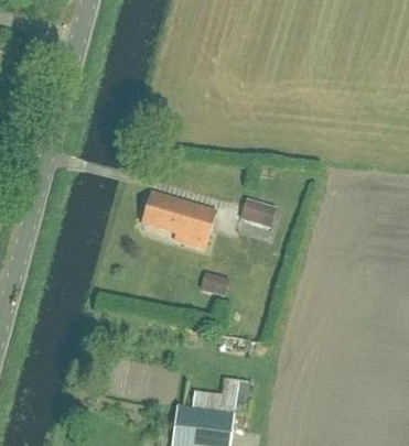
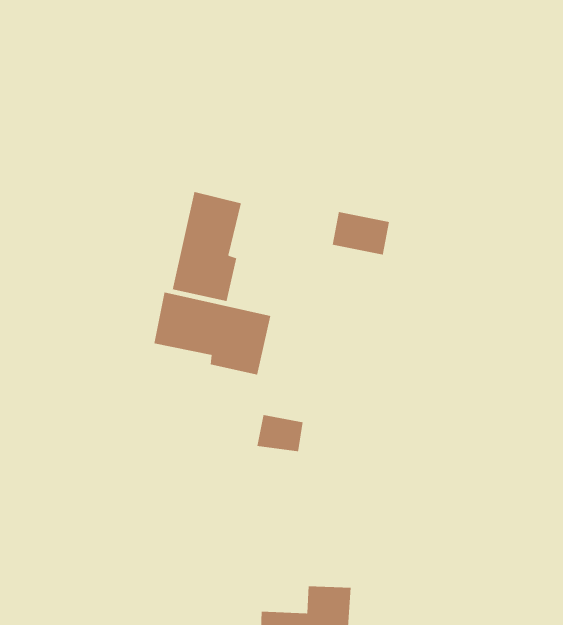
building: none -> [172,191,241,302]
building: [239,199,276,228] -> [332,212,390,255]

